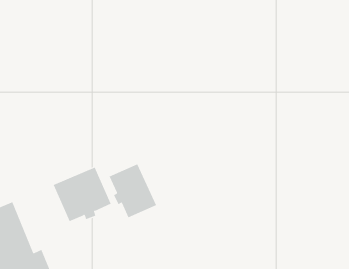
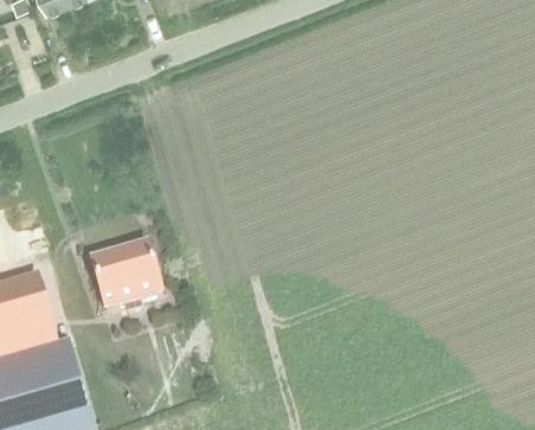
building: [109,163,157,218] -> none

